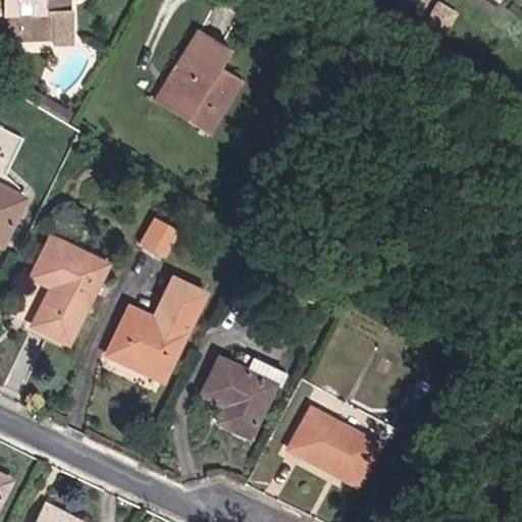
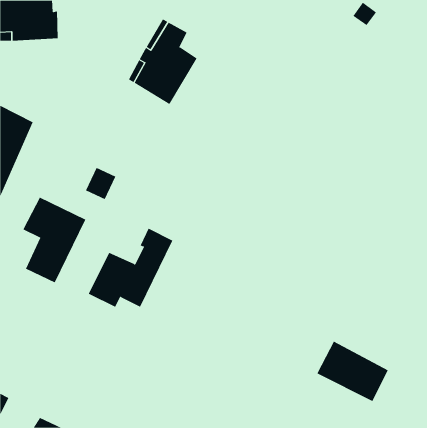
building: [141,215,178,255] -> [85,167,116,200]
building: [198,356,286,434] -> none
building: [289,407,376,481] -> [317,341,389,402]

